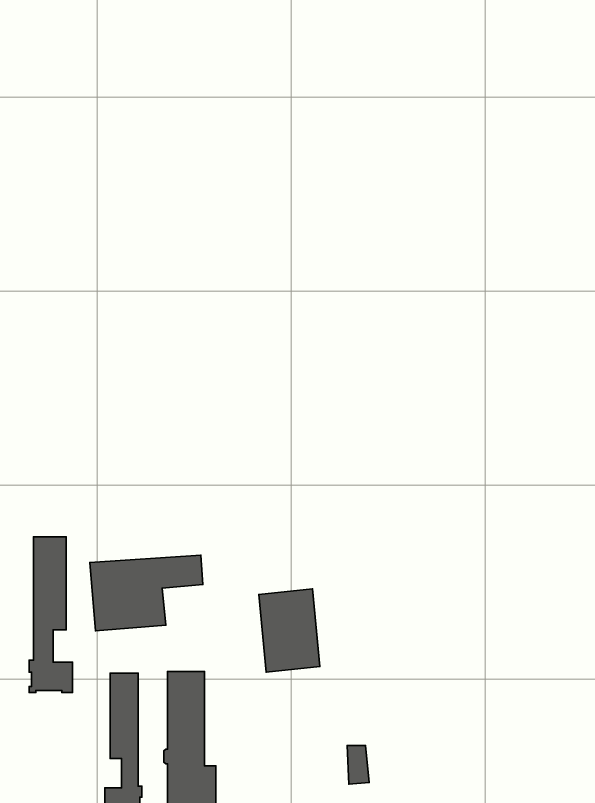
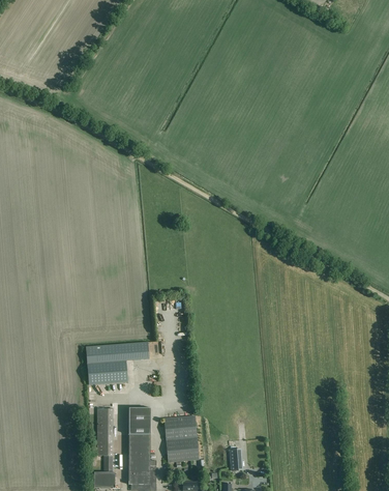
building: [29,537,73,692] -> none
building: [259,589,320,672] -> [164,415,199,462]

